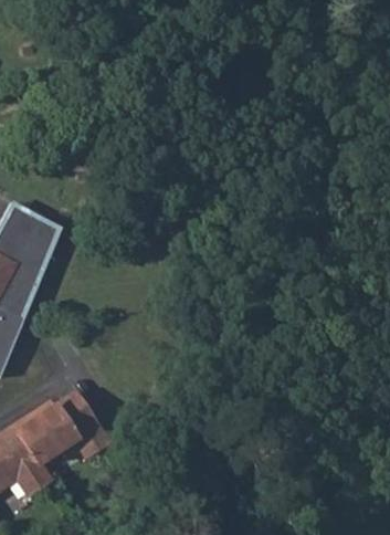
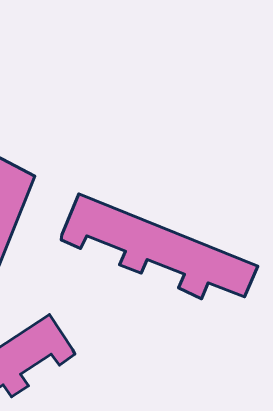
building: none -> [61,194,258,299]

